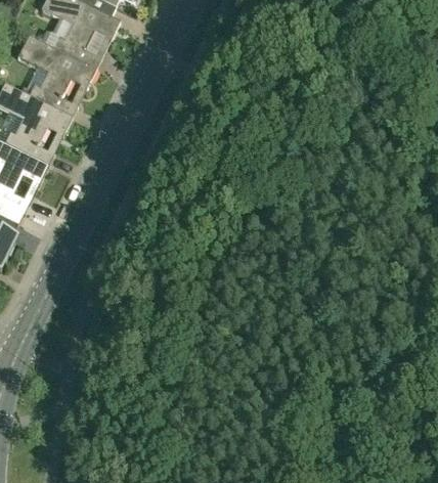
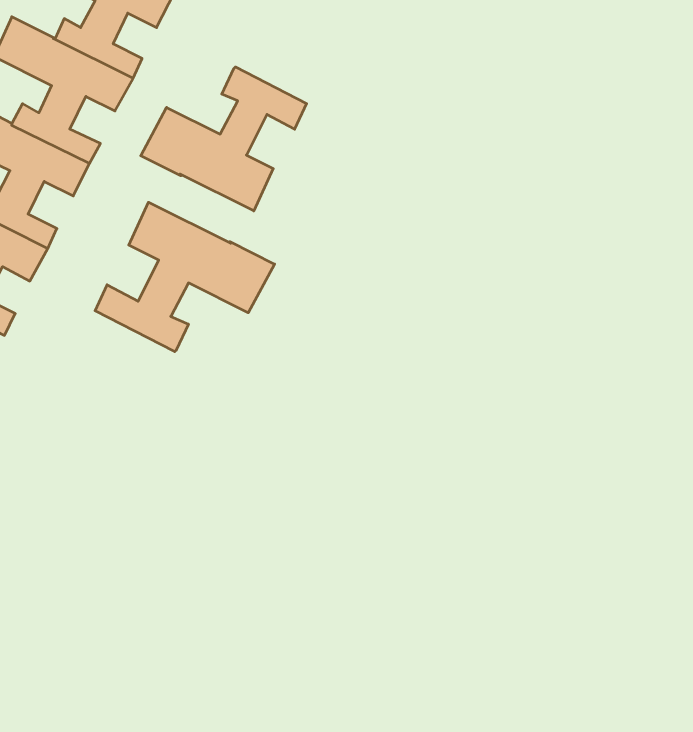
building: none -> [141,67,307,211]
building: none -> [95,202,275,352]

